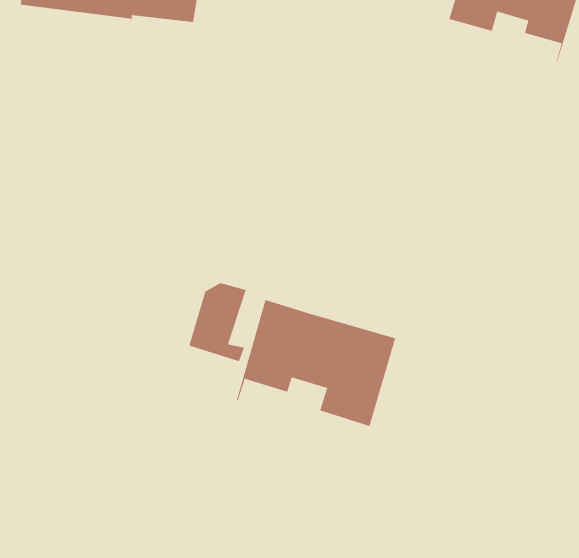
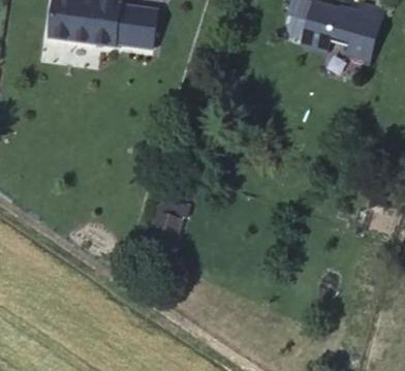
building: [236,299,396,427] -> none

